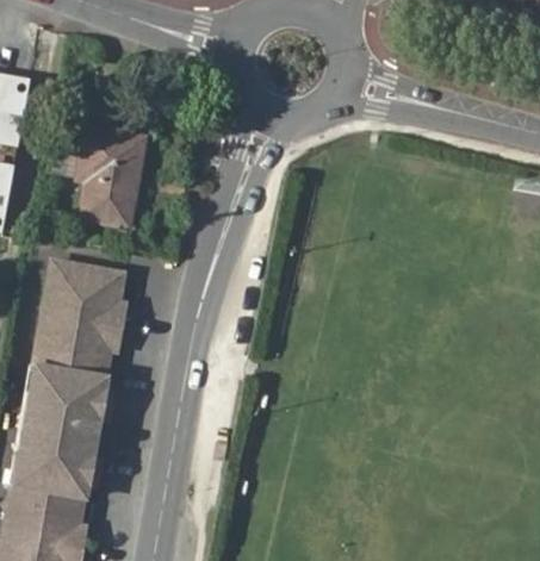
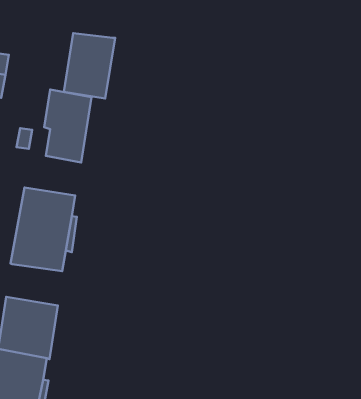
building: none -> [64,33,115,98]
building: [26,367,106,424] -> none

